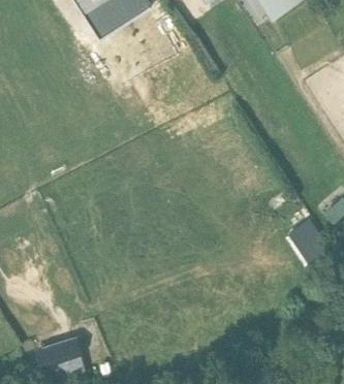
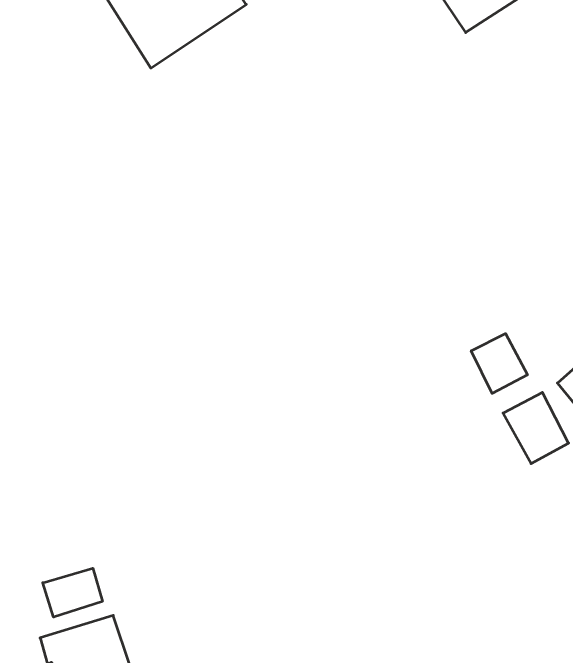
building: none -> [471,334,527,393]
building: none -> [43,568,102,617]

